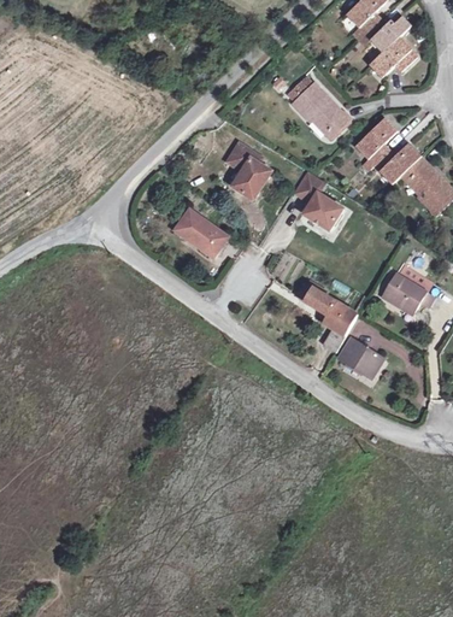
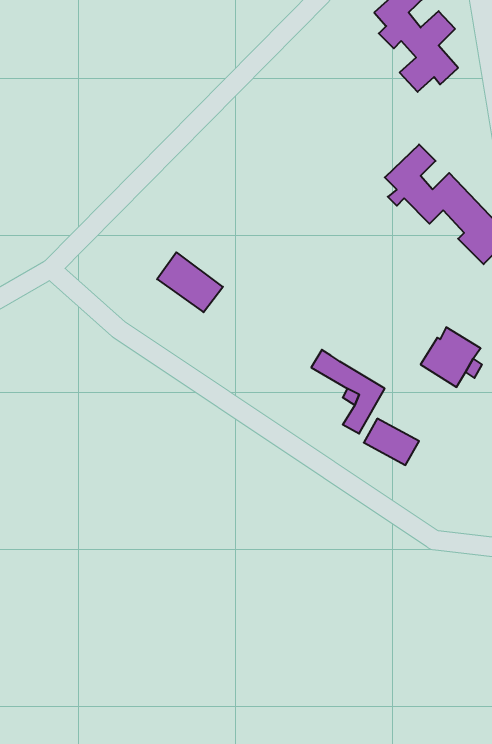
building: [289,77,351,139] -> none
building: [228,142,272,198] -> none
building: [294,175,343,230] -> none

